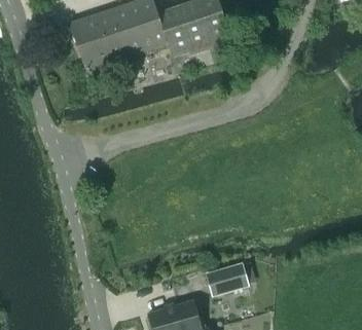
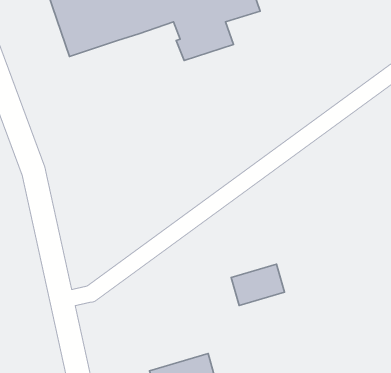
building: [207,261,248,293] -> [231,264,285,305]

